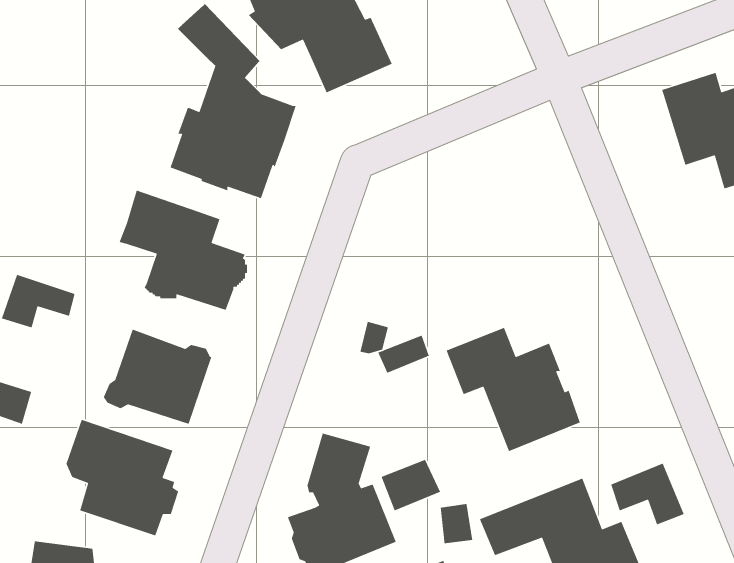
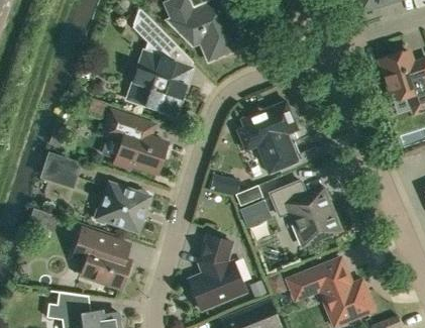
building: none -> [241,101,298,173]
building: [381,459,441,512] -> [240,200,272,227]
building: [610,463,685,525] -> none

